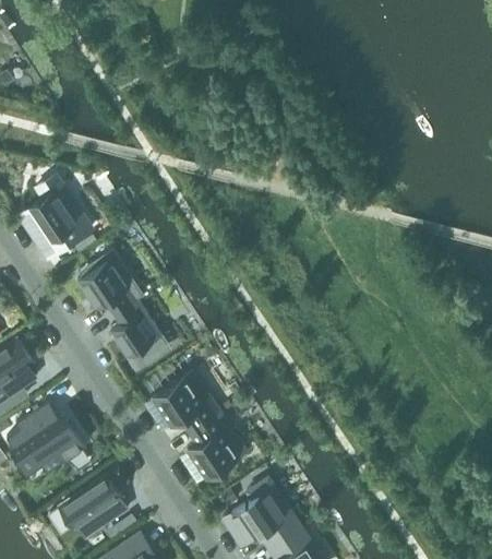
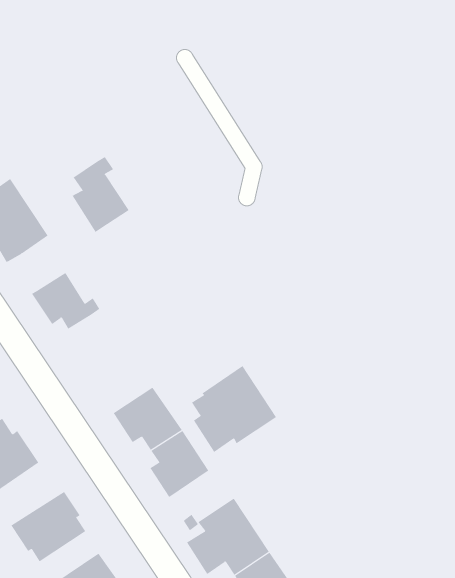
building: none -> [72,156,129,233]
building: [110,304,160,364] -> none
building: none -> [191,365,277,453]

